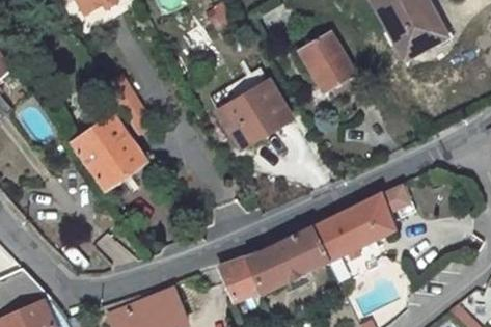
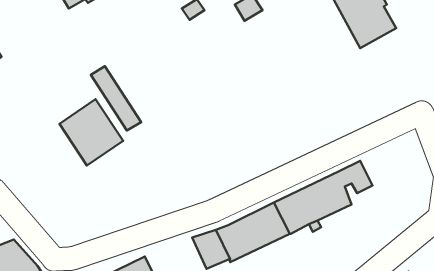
building: [300,33,360,98] -> none
building: [211,67,291,148] -> none

